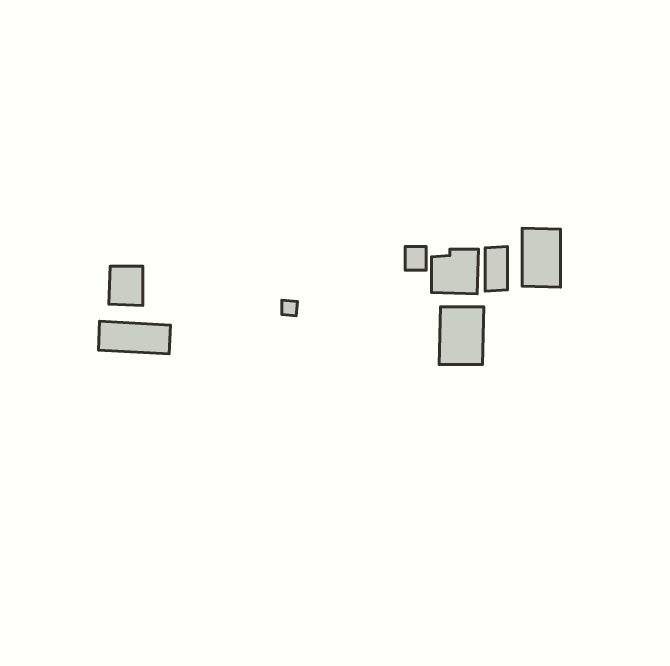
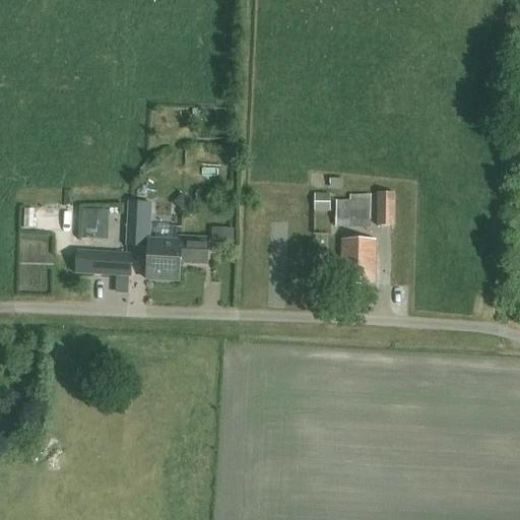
building: [522,228,561,287] -> none
building: none -> [127,201,207,279]

